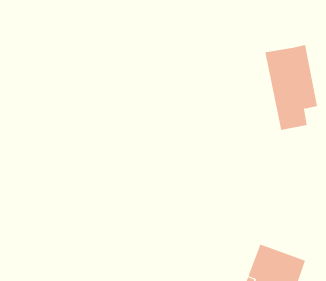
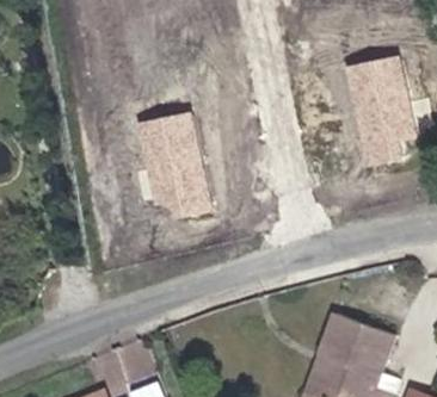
building: none -> [135,114,204,217]

